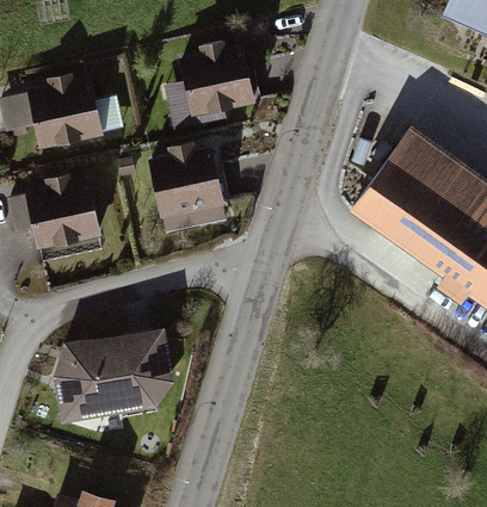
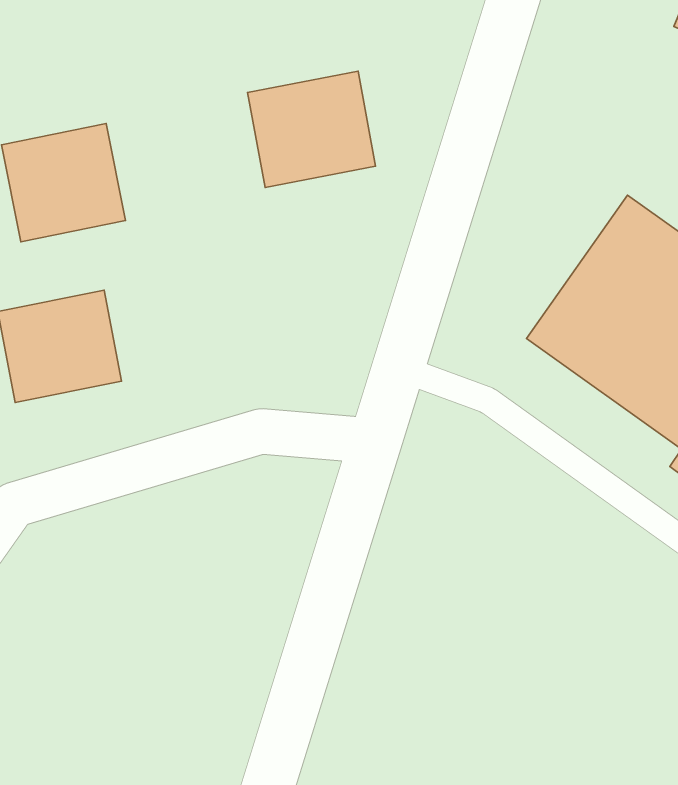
building: [149,147,230,220] -> none
building: [53,327,174,422] -> none

